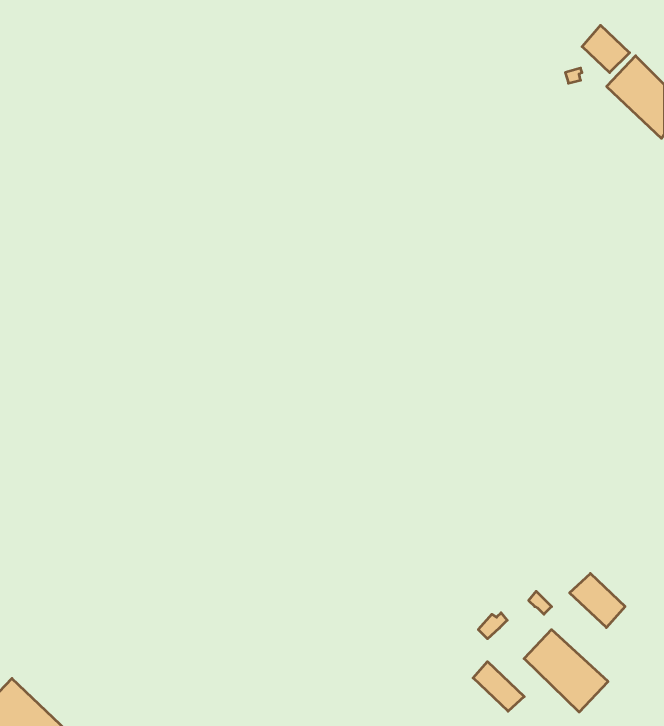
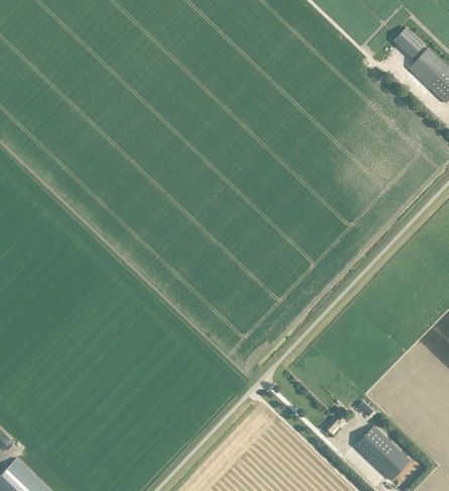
building: [570,573,625,628] -> none
building: [473,662,524,711] -> none

